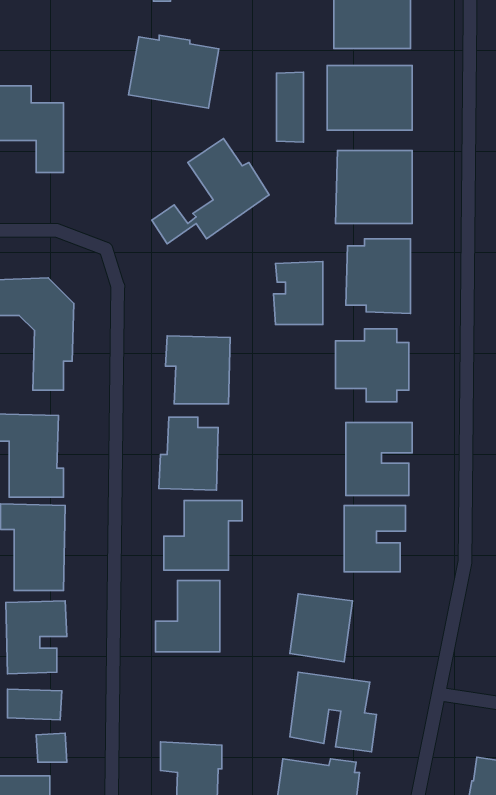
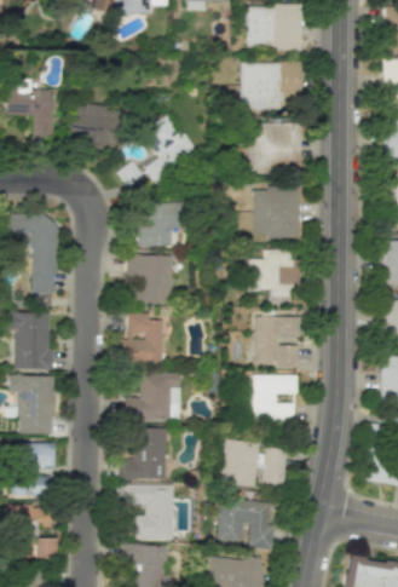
building: [129,35,219,108] -> [65,103,129,155]
building: [276,72,303,142] -> none
building: [274,262,323,324] -> [138,202,173,247]
building: none -> [256,447,287,488]
building: none -> [123,483,174,540]

